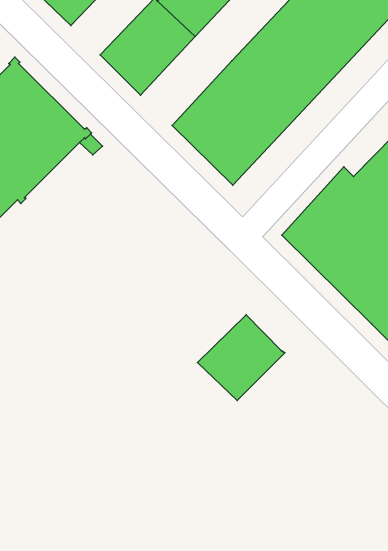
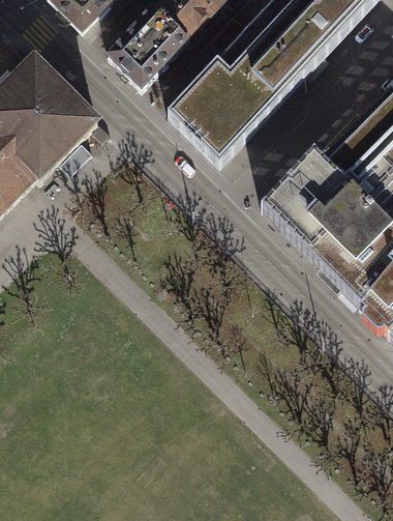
building: [197,315,285,401] -> none

